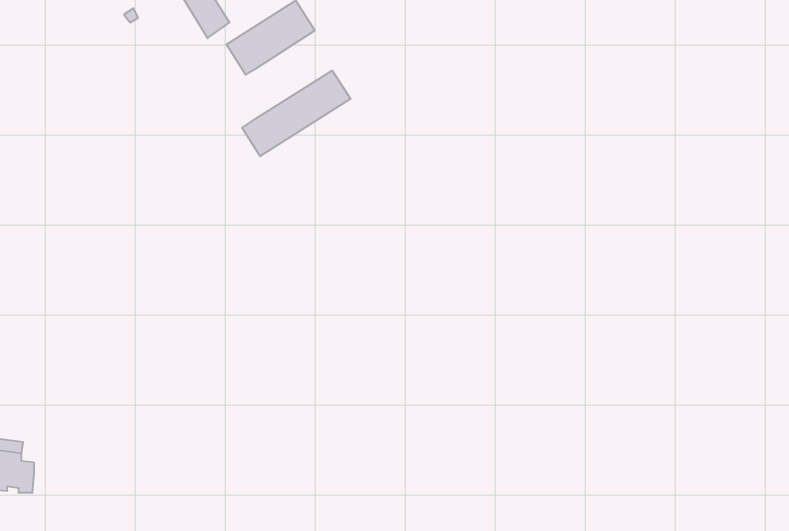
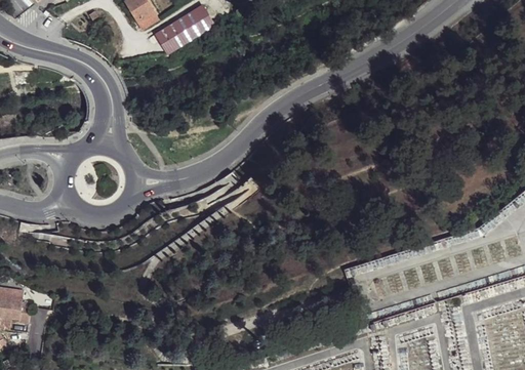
building: [242,71,350,156] -> none

